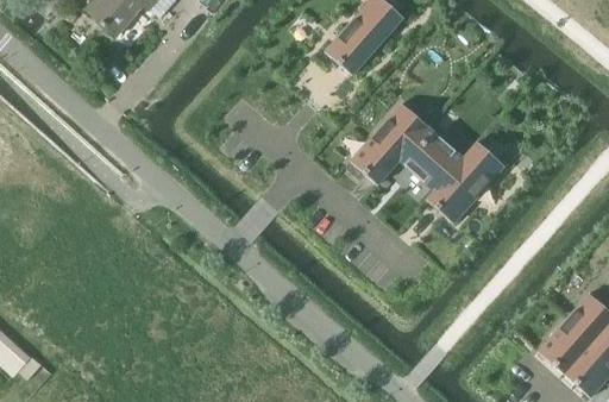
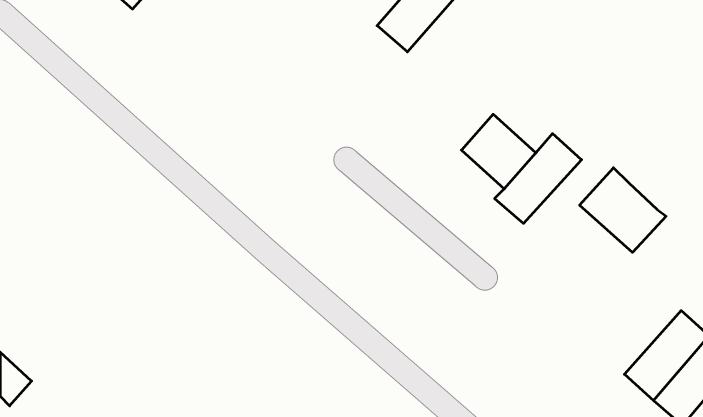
building: [353,105,427,182] -> none
building: none -> [580,168,666,252]

